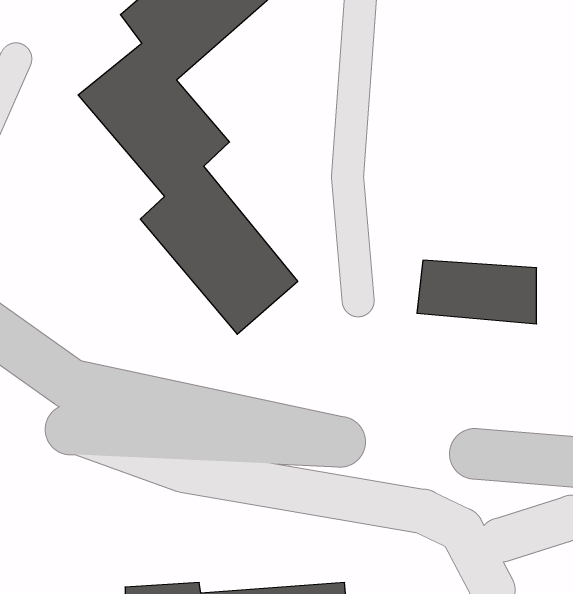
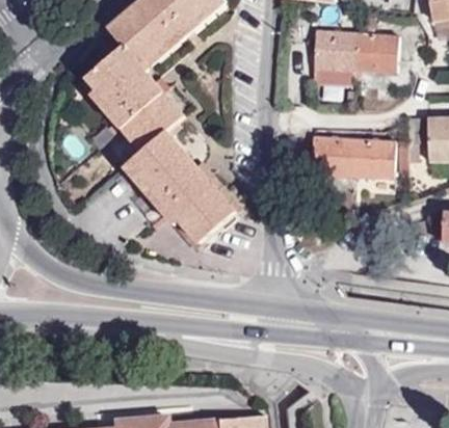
building: none -> [311,29,399,86]
building: [417,260,537,324] -> [311,139,393,183]

